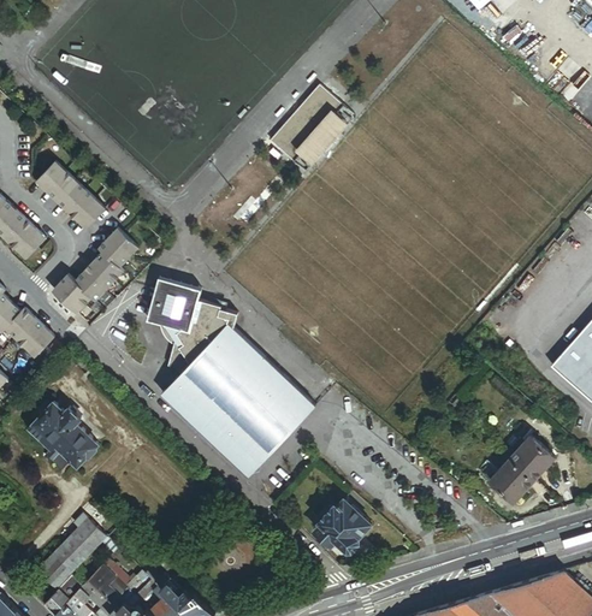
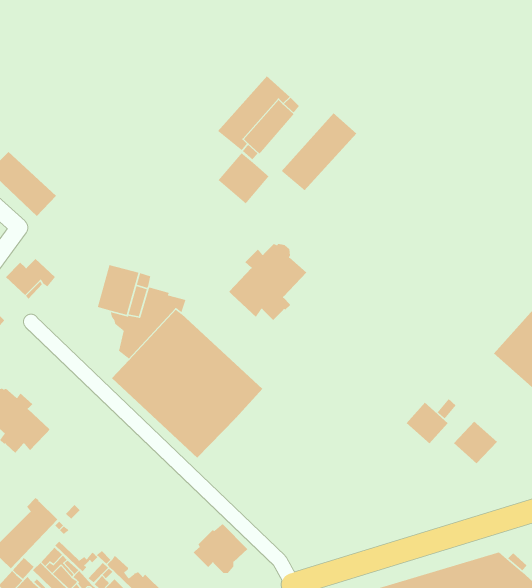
building: none -> [281,112,357,191]
building: none -> [217,152,270,205]
building: [83,227,137,290] -> none
building: none -> [226,243,307,321]
building: [490,460,533,503] -> [406,402,448,444]
building: [315,500,372,552] -> [193,523,248,574]

